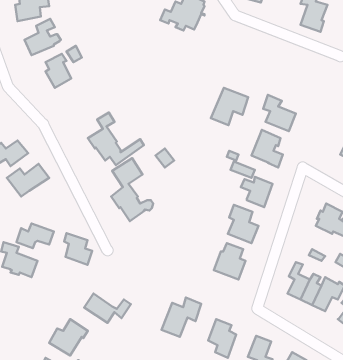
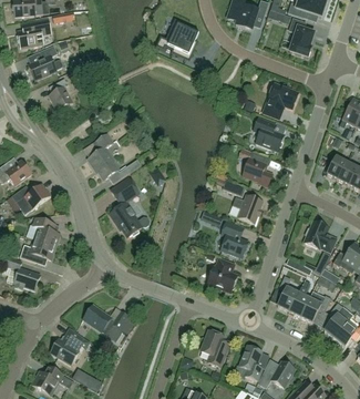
building: [211,88,248,125] -> [263,83,298,119]
building: [64,233,92,265] -> [33,217,60,247]
building: [162,298,201,337] -> none

